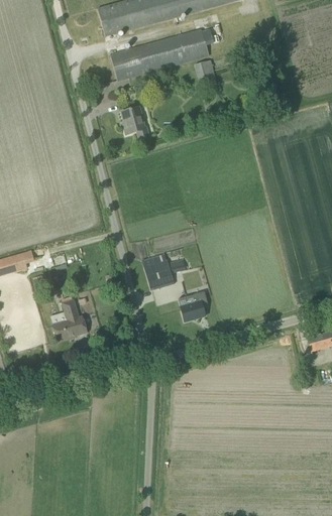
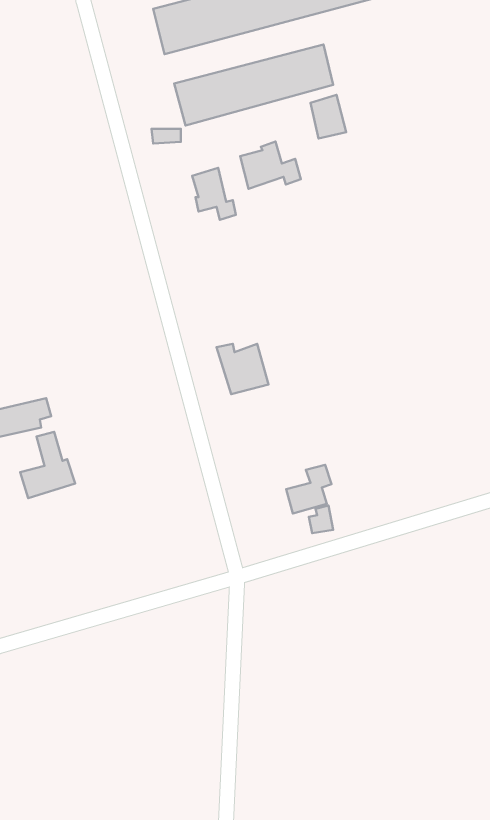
building: none -> [240,141,301,189]
building: [141,257,174,288] -> [216,344,268,394]
building: [51,298,86,340] -> [20,432,75,498]

